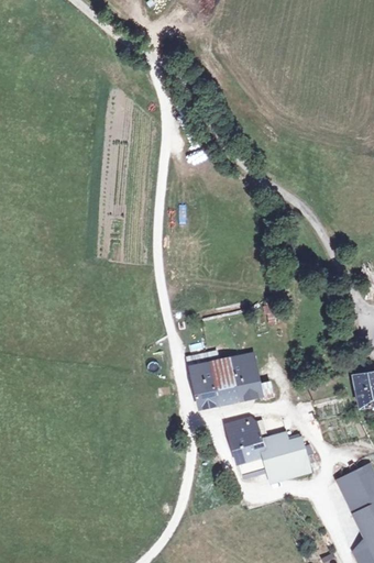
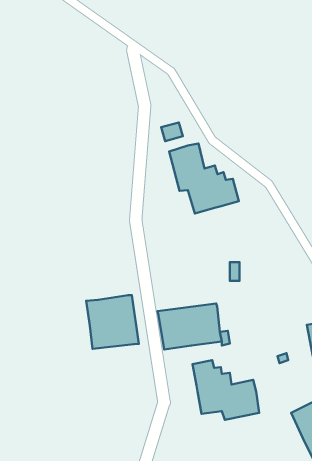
building: none -> [169,143,239,213]
building: none -> [86,295,139,349]

